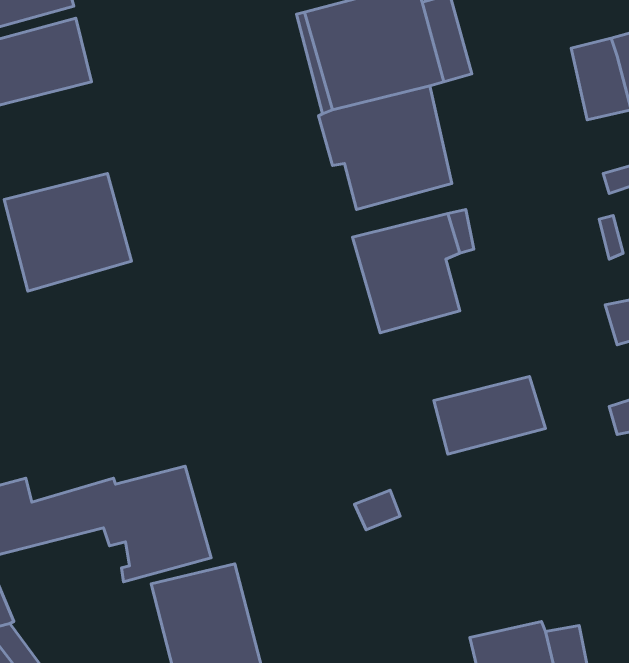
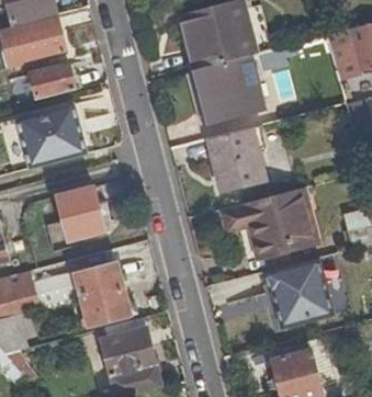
building: none -> [29,64,81,99]
building: none -> [57,186,106,240]
building: none -> [219,188,311,229]
building: none -> [268,262,327,327]

